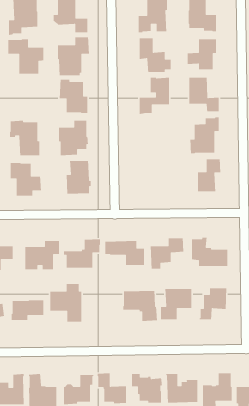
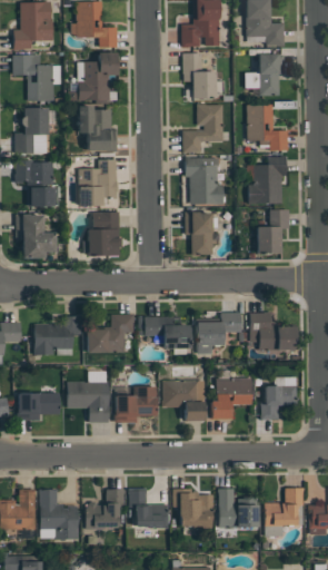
building: none -> [14,108,49,154]
building: none -> [185,157,225,205]
building: none -> [185,213,218,255]
building: none -> [115,387,157,423]

